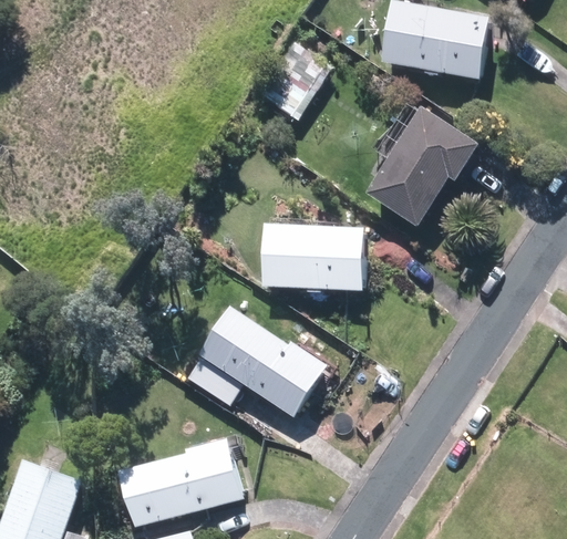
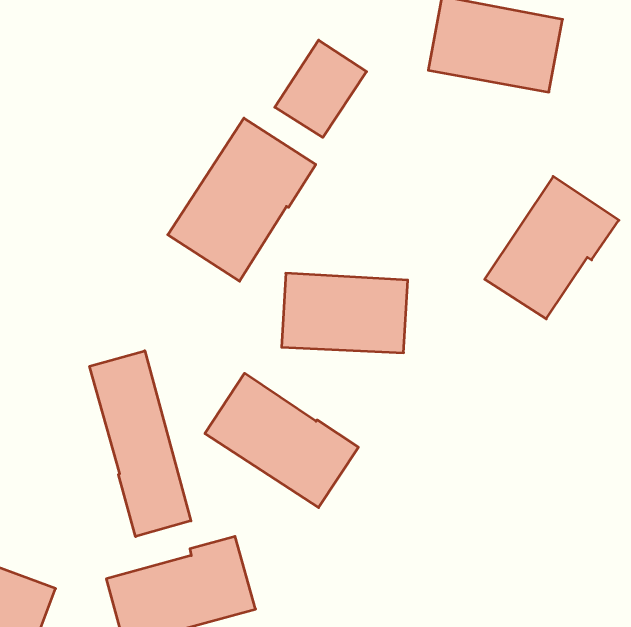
building: none -> [168,118,316,281]
building: [367,110,475,225] -> [485,176,619,319]
building: none -> [90,351,191,537]

